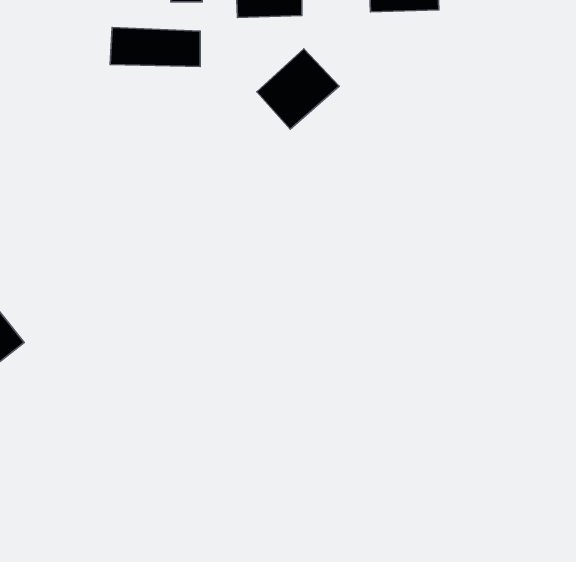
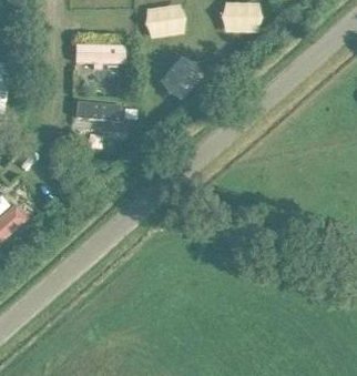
building: none -> [78,101,122,121]

